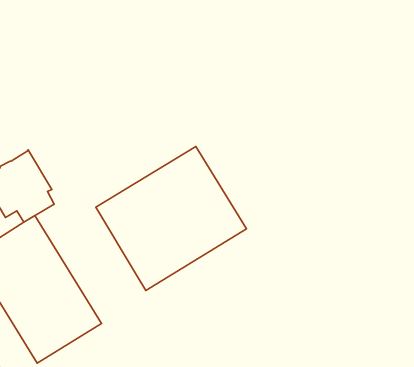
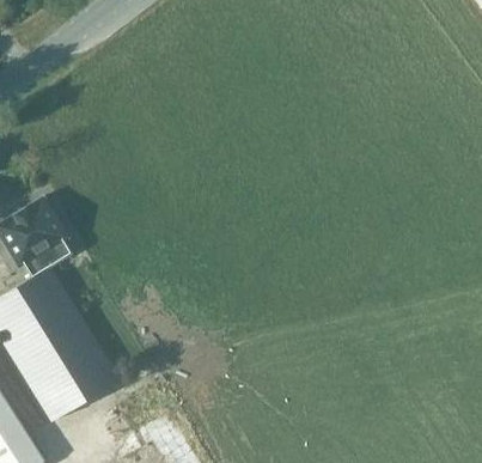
building: [96,147,246,291] -> none

